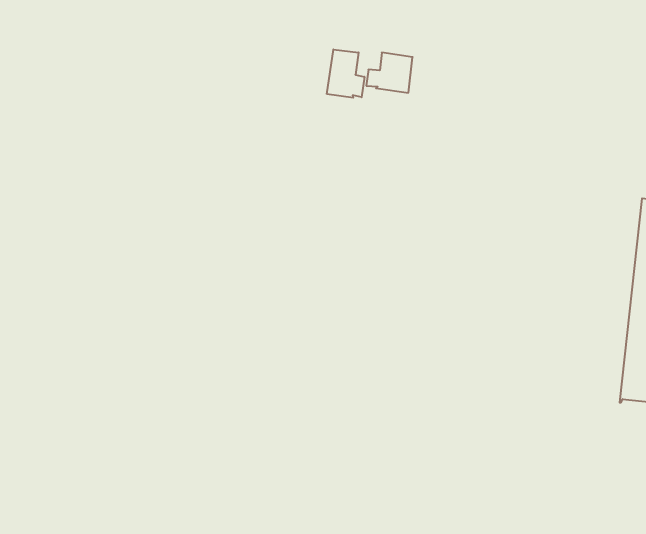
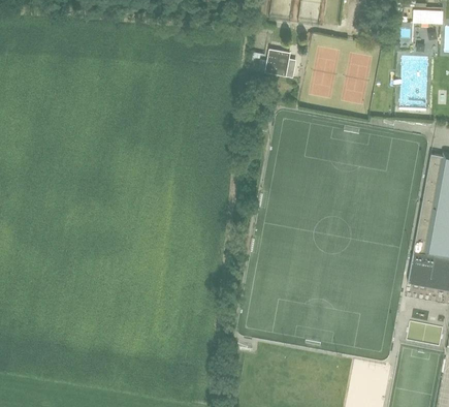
building: [327,49,364,98] -> none

